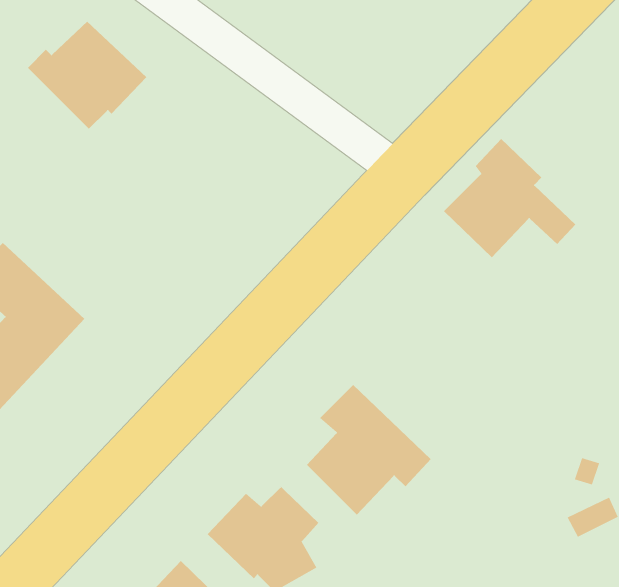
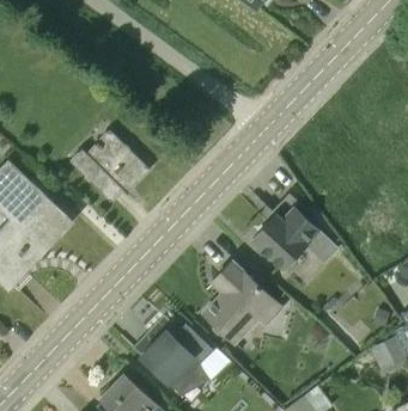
building: [27,21,147,129] -> [71,129,147,198]
building: [443,138,576,258] -> [252,191,337,268]

